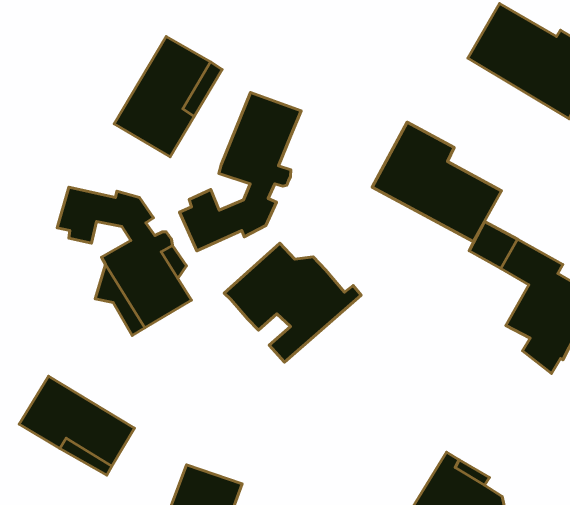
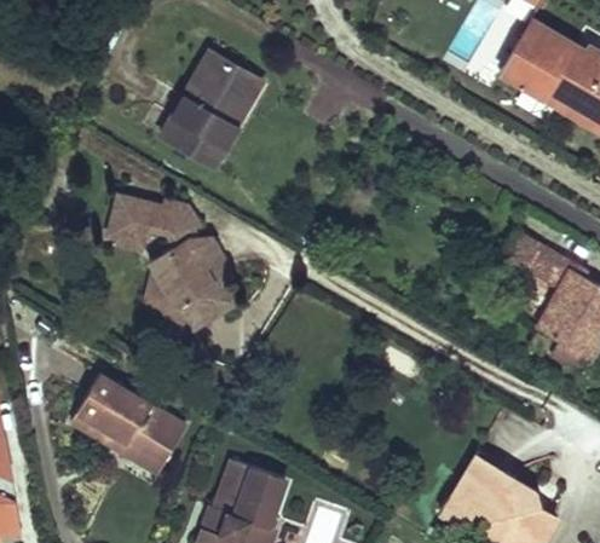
building: [179,93,301,251] -> none
building: [372,122,502,242] -> none
building: [224,243,361,362] -> none

